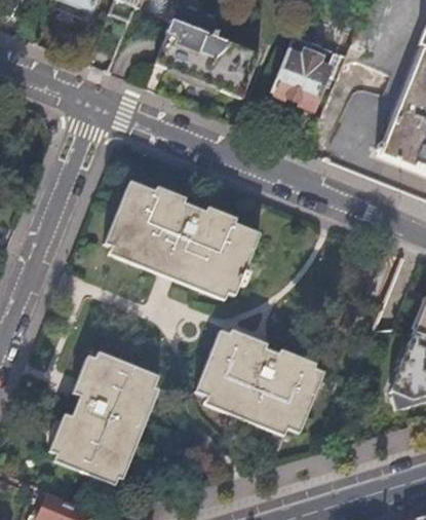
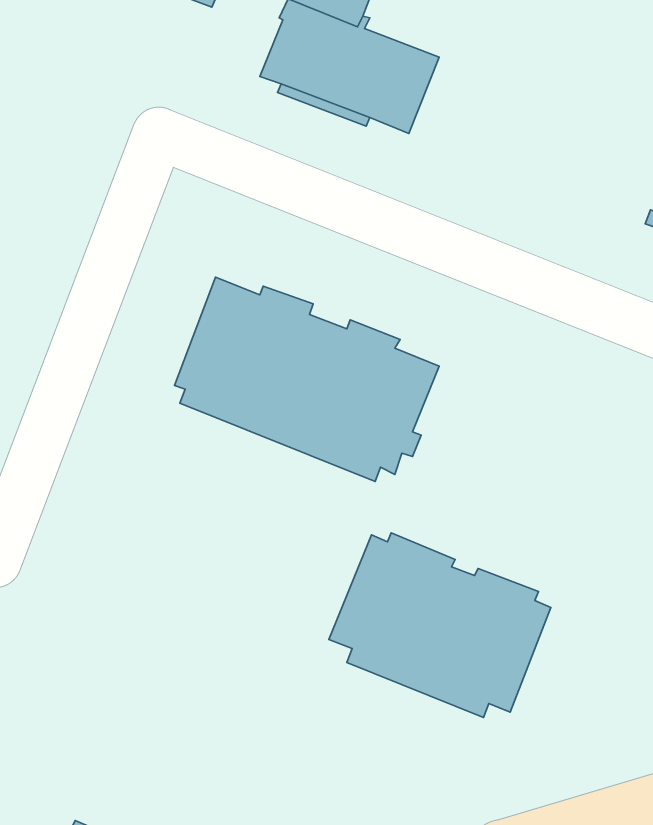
building: [273,41,345,109] -> none
building: [50,349,162,483] -> none

